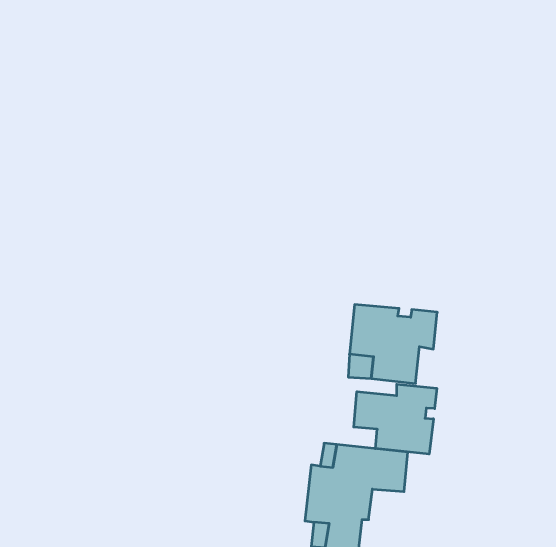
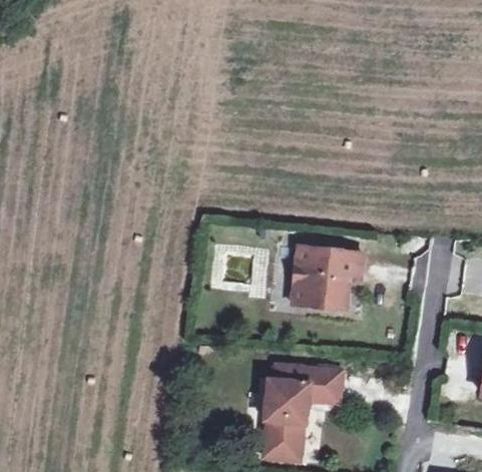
building: [354,384,437,454] -> none

